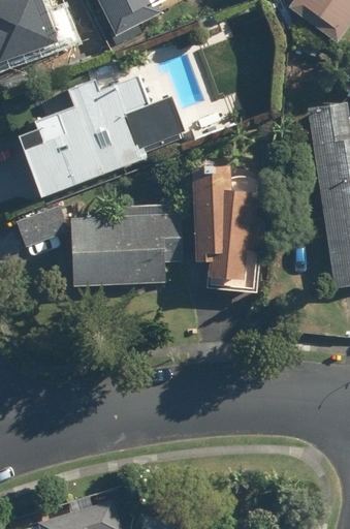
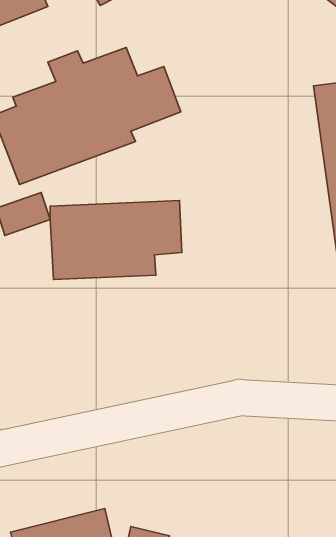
building: [185,168,245,283] -> none

